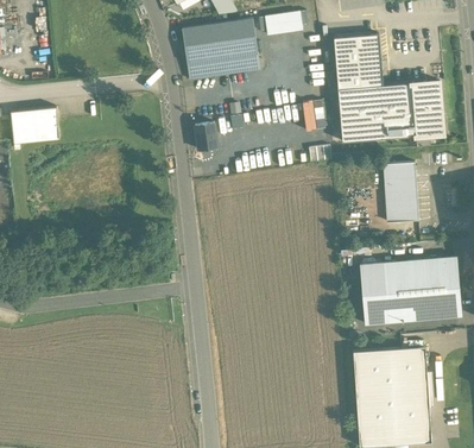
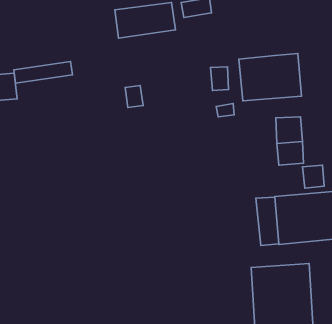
building: [334,33,383,89] -> none
building: [187,52,260,80] -> [14,61,73,83]
building: [411,80,443,135] -> none
building: none -> [303,165,324,188]

